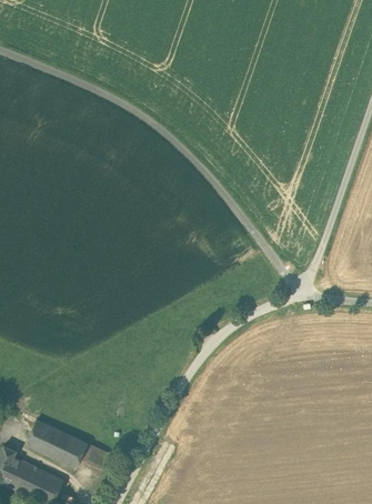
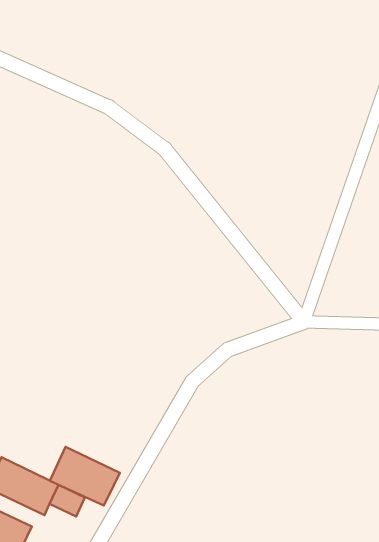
building: none -> [50,447,120,506]

